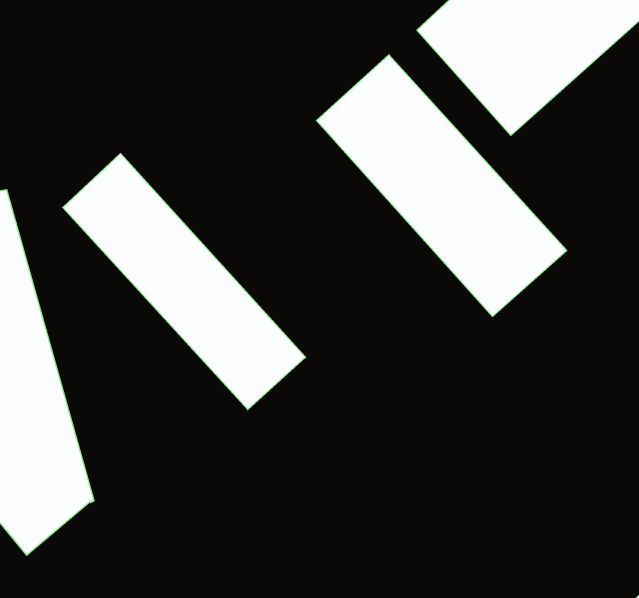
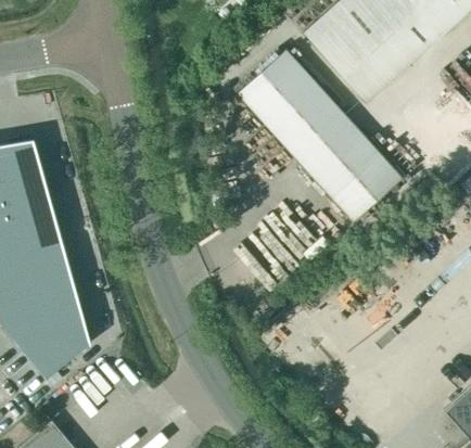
building: [63,154,306,410] -> none

